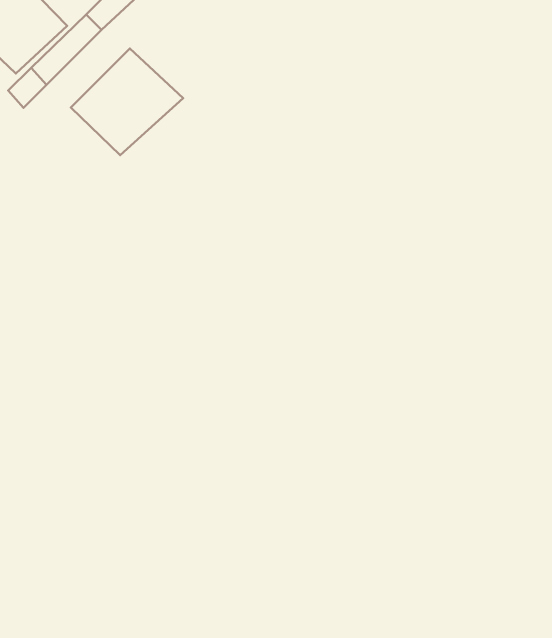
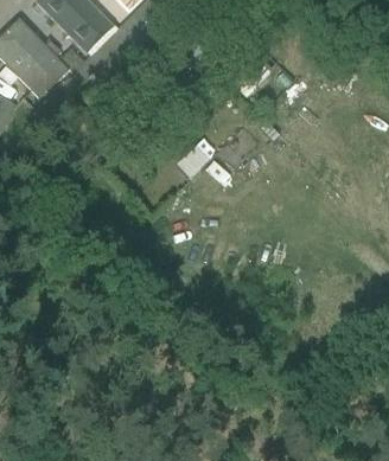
building: [71,48,183,155] -> none

